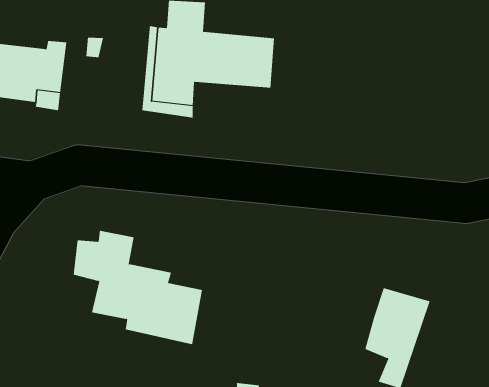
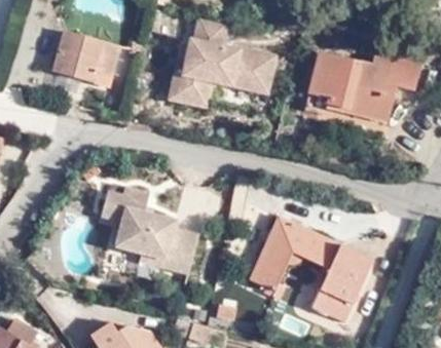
building: none -> [307,49,418,120]
building: none -> [245,222,333,295]

